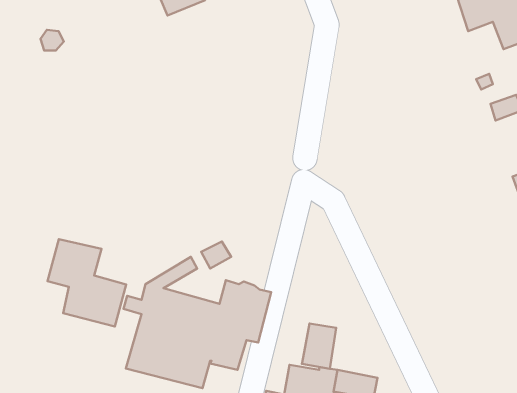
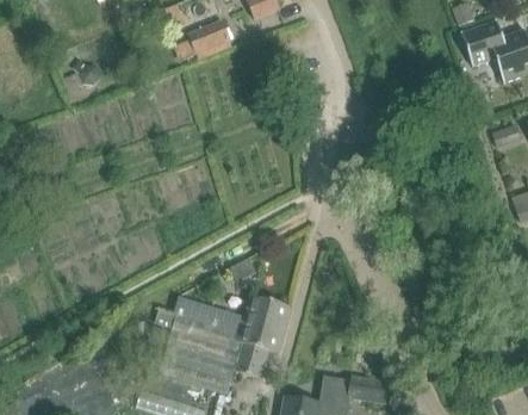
building: [48,239,126,327] -> none
building: [302,324,336,369] -> none

